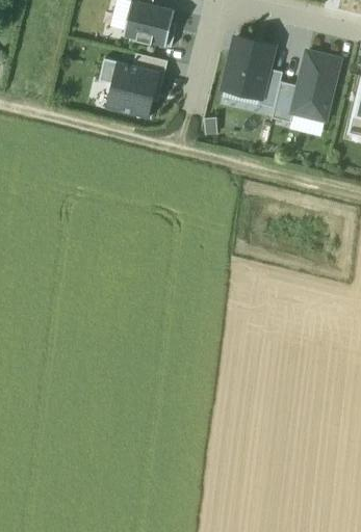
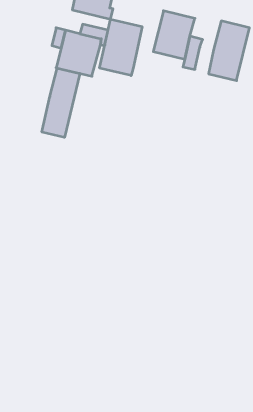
building: none -> [100,19,142,76]
building: [272,82,296,122] -> none
building: none -> [42,68,80,137]

